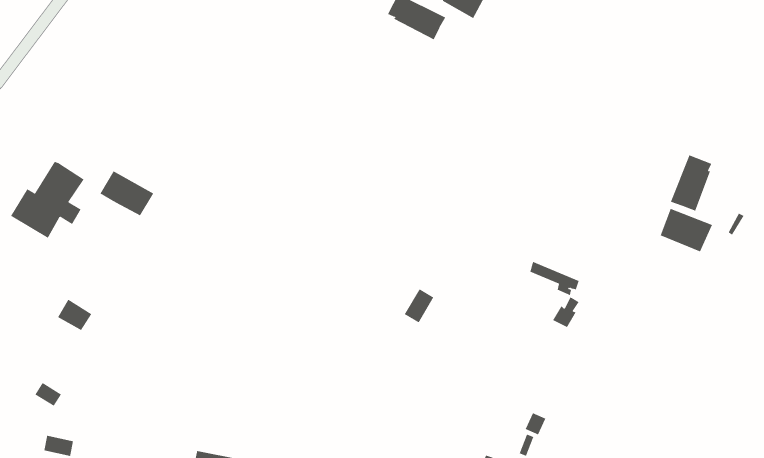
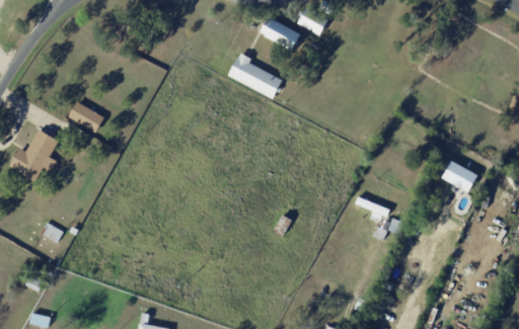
building: none -> [227,54,281,98]
building: [670,155,712,212] -> none
building: [100,171,154,216] -> [67,102,103,133]

